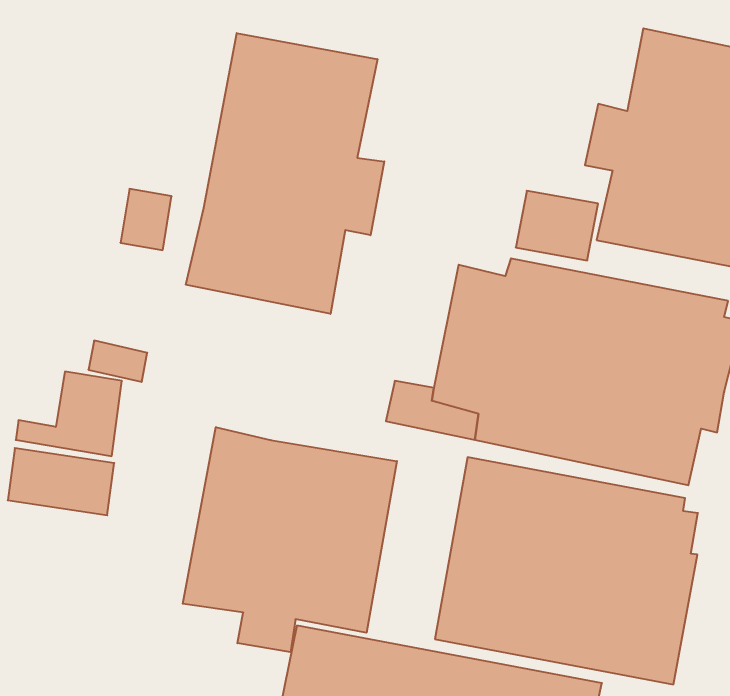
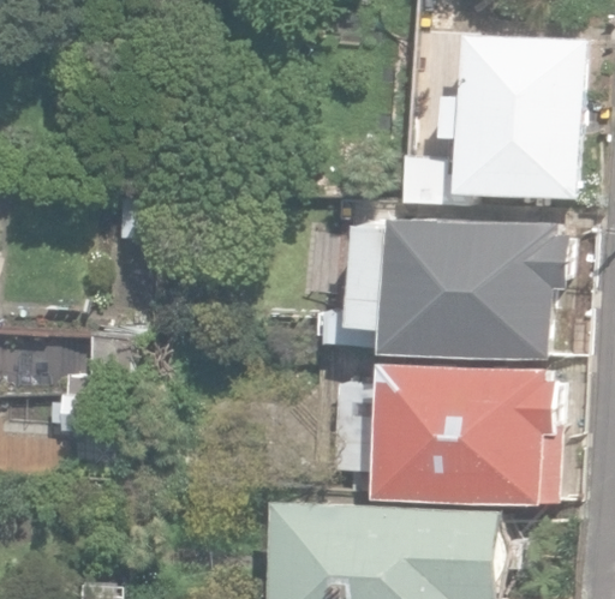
building: [186,33,384,314] -> none
building: [183,427,397,652] -> none

